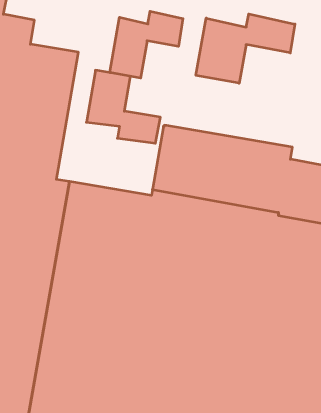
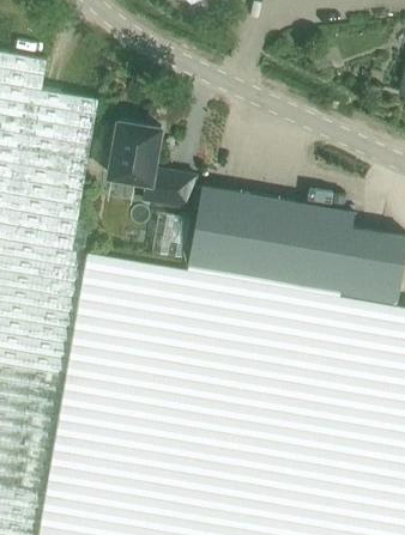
building: [110,11,183,78] -> none
building: [196,14,295,83] -> none

